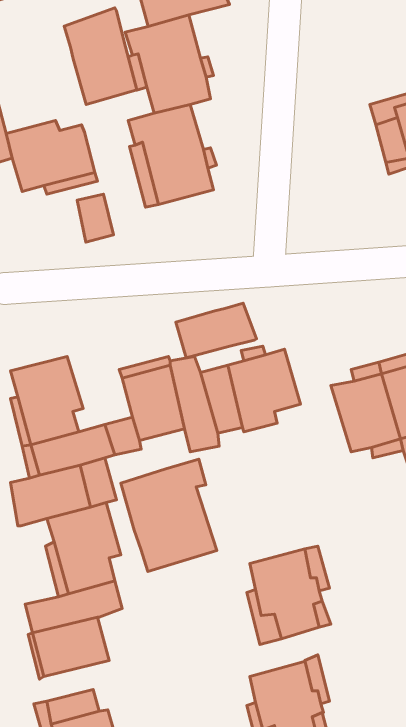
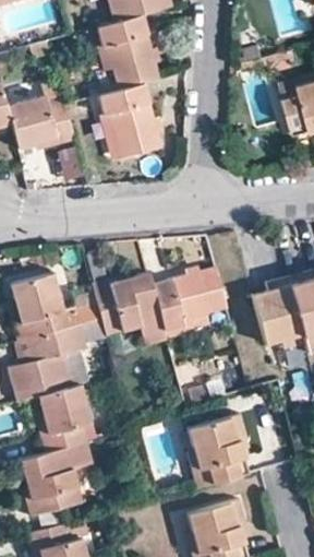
building: [64,8,137,104] -> none
building: [176,303,257,358] -> none
building: [121,459,217,572] -> none

